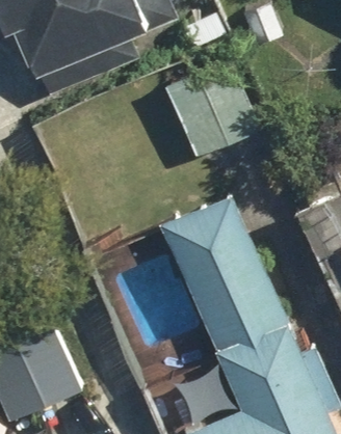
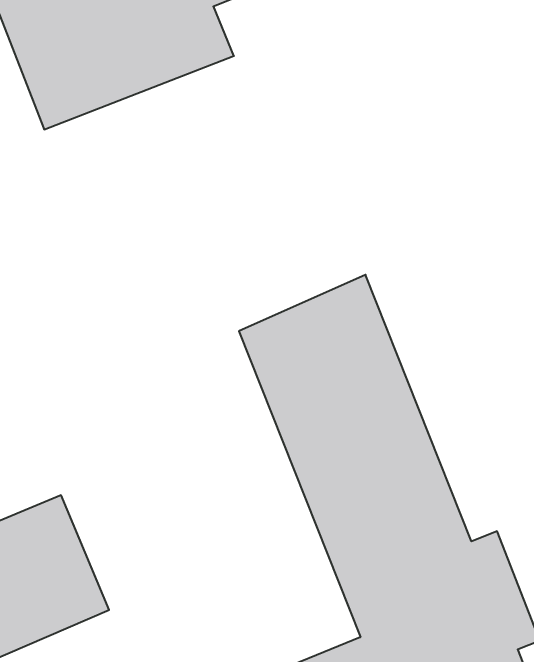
building: [161,55,262,156] -> none

